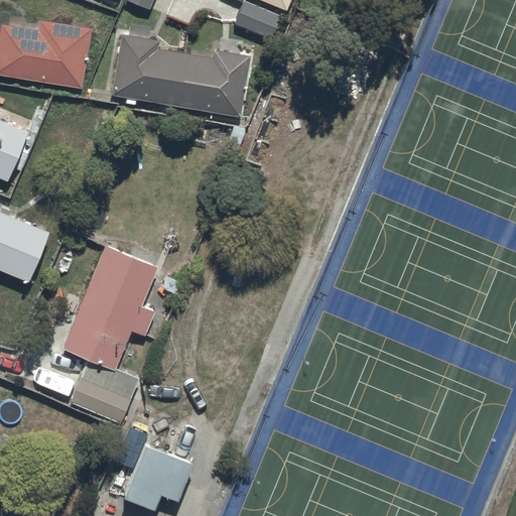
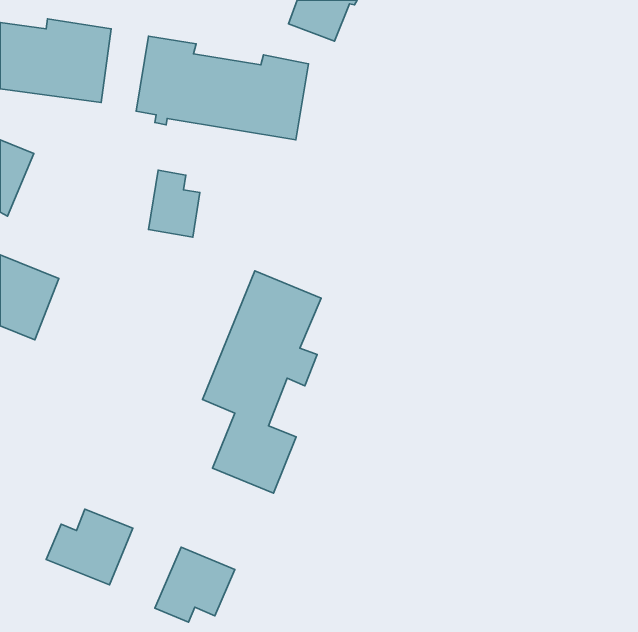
building: none -> [149,170,200,237]
building: [61,244,157,423] -> [202,271,321,493]
building: none -> [46,509,133,585]

